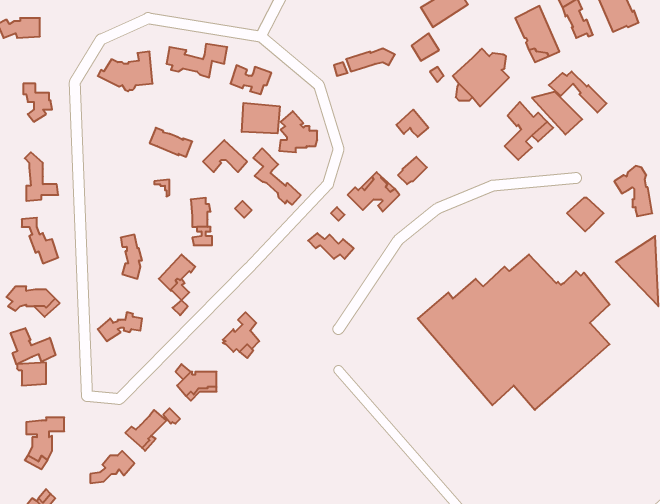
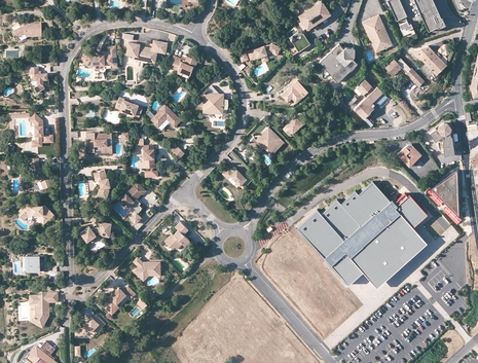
building: [532,92,582,135] -> [412,46,446,75]
building: [242,103,280,133] -> none
building: [253,148,301,205] -> none
building: none -> [86,132,112,152]
building: [11,328,56,364] -> none

